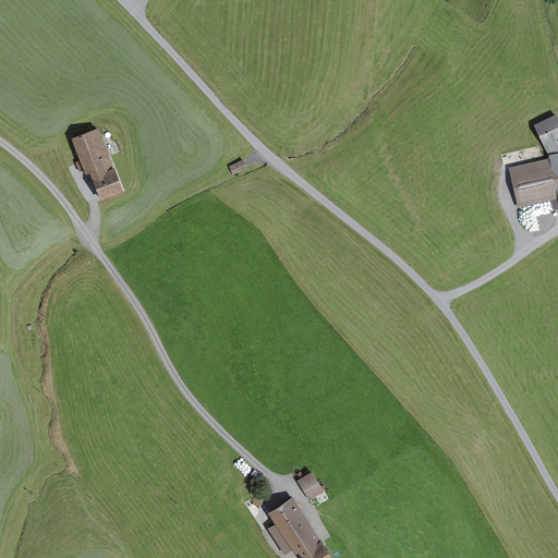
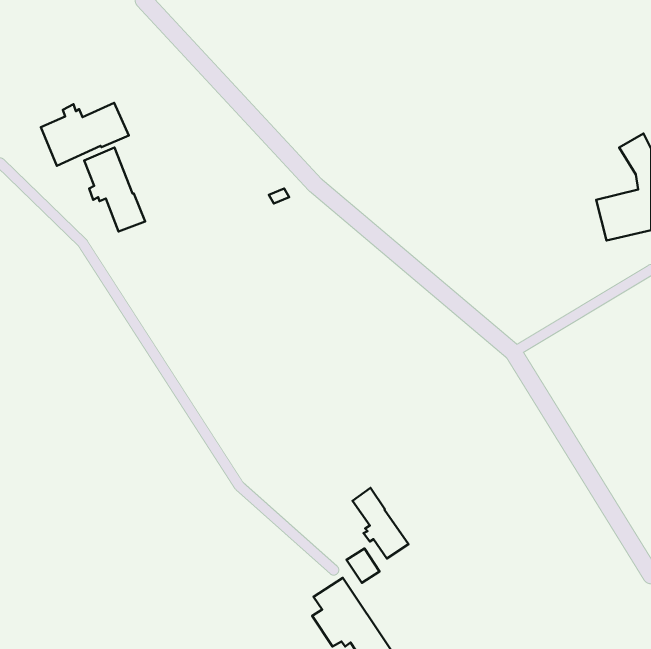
building: none -> [41,103,129,166]
building: none -> [352,488,408,558]

